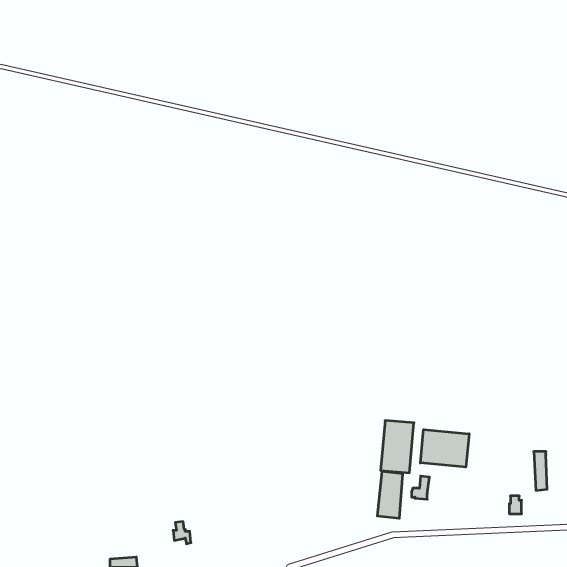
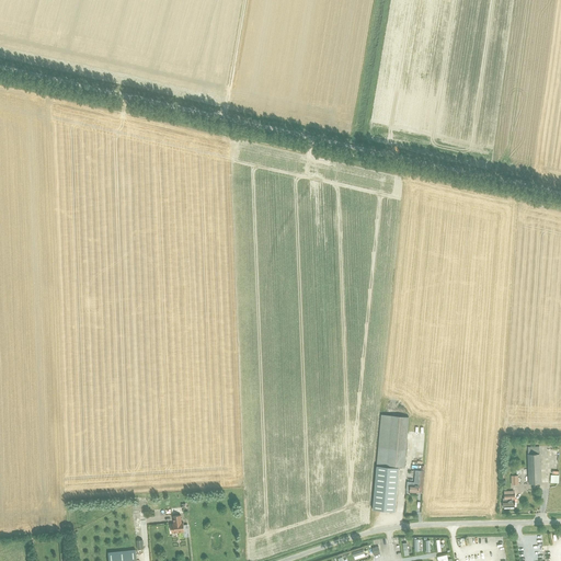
building: [420,430,469,467] -> none

